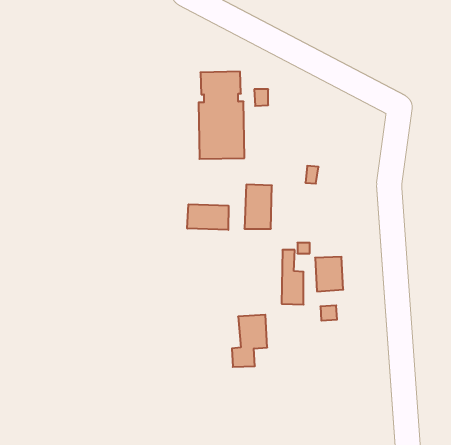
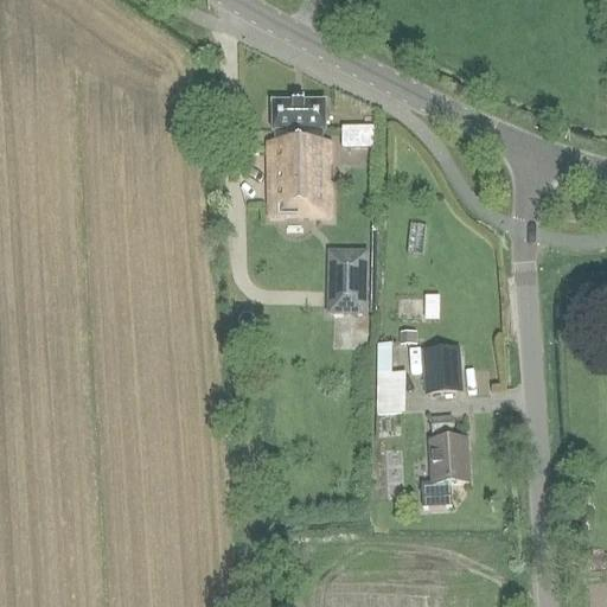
building: [187,204,228,230] -> none
building: [232,315,267,367] -> [420,435,467,505]

